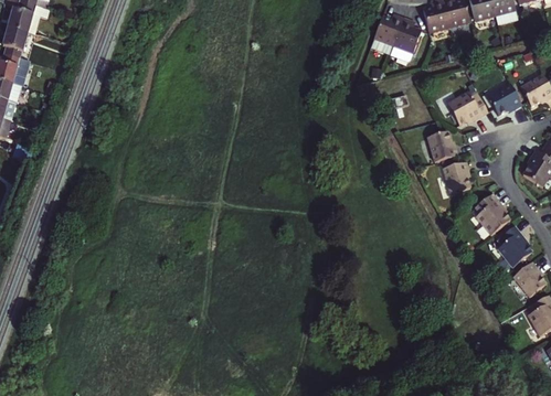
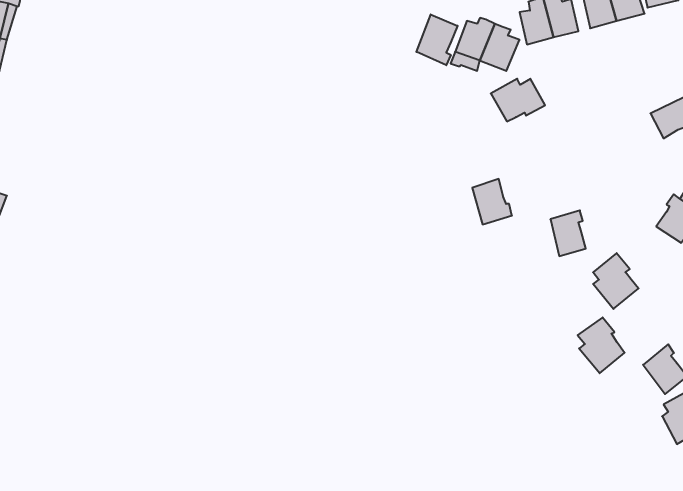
building: none -> [416,14,458,65]
building: [487,84,522,116] -> none
building: [447,92,488,124] -> [491,79,545,121]
building: [427,128,457,162] -> [472,179,512,224]
building: [497,226,532,268] -> [578,317,625,373]

